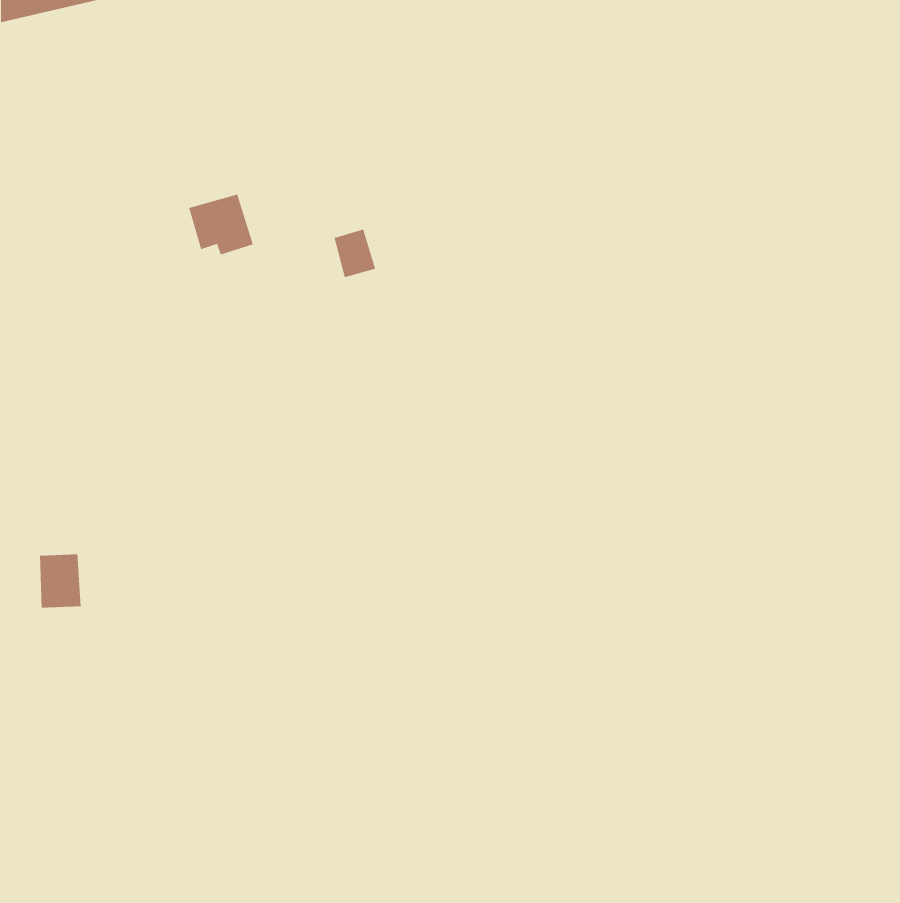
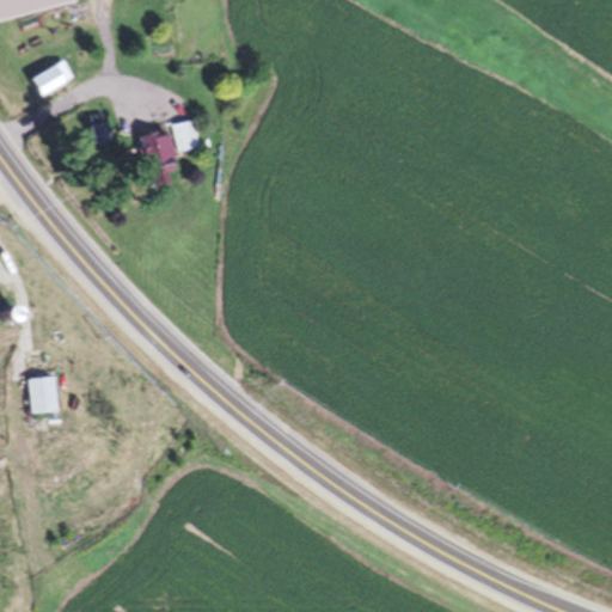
building: none -> [31,59,73,90]
building: [334,229,376,278] -> [173,116,202,149]

